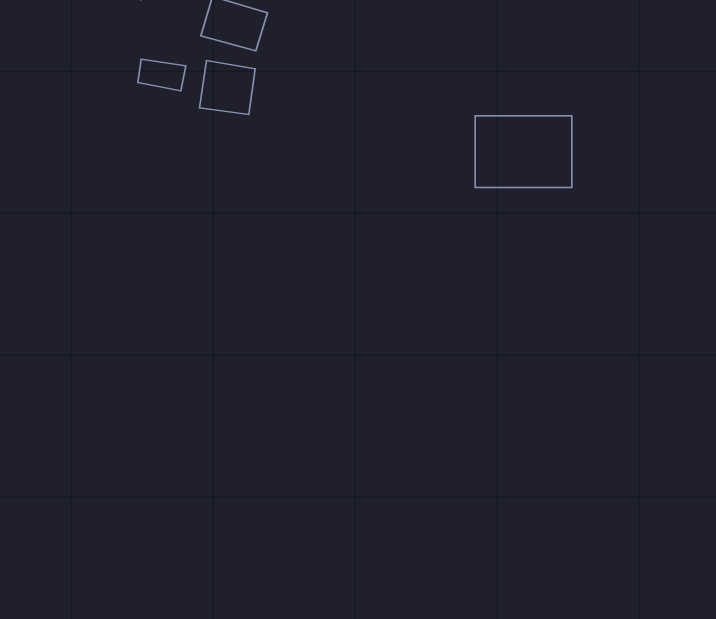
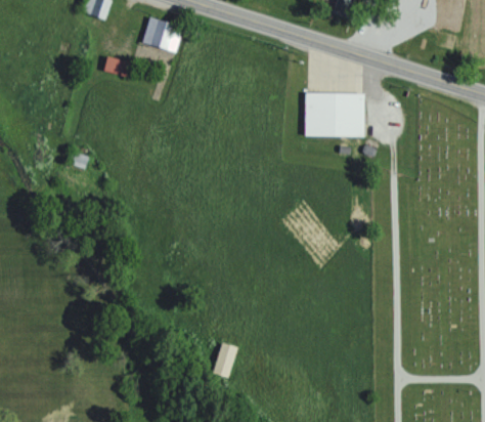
building: [199,60,255,114] -> none
building: none -> [211,341,235,377]

